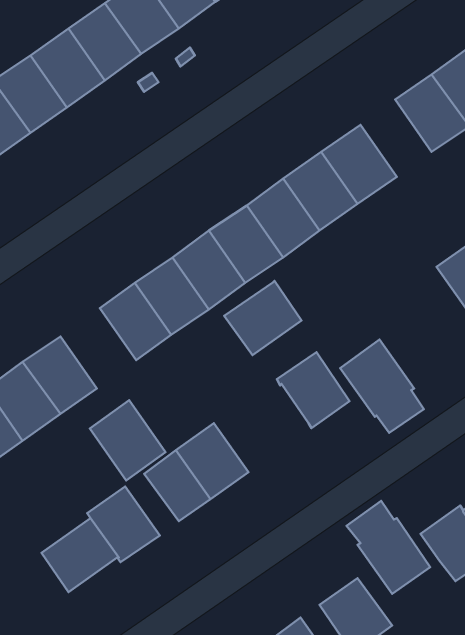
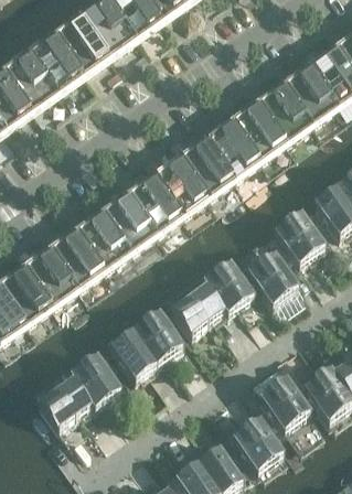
building: none -> [262,82,311,136]
building: [224,281,301,355] -> [171,280,225,332]
building: none -> [274,208,326,261]
building: [90,400,166,481] -> [52,227,105,283]

